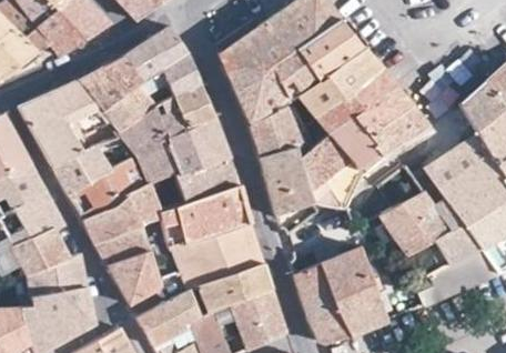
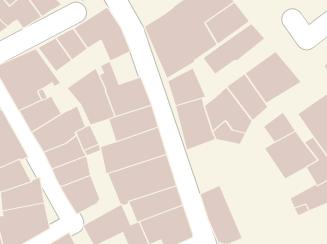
building: [314,69,395,133] -> none
building: [102,85,154,134] -> none
building: [174,85,215,130] -> none
building: [321,248,388,335] -> none

